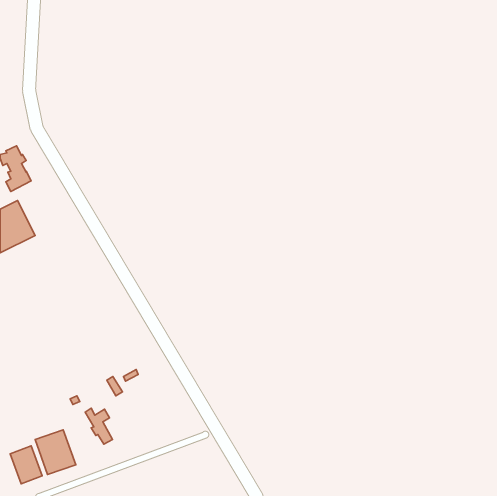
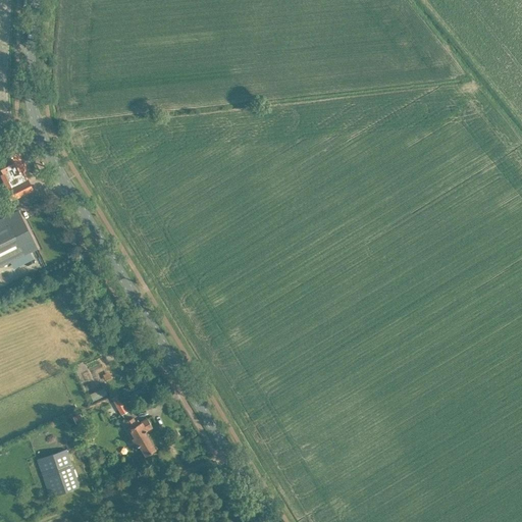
building: [85,408,112,444] -> [126,418,155,456]
building: [10,446,42,484] -> none

